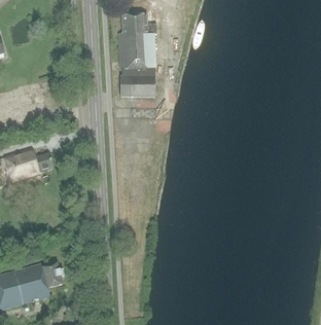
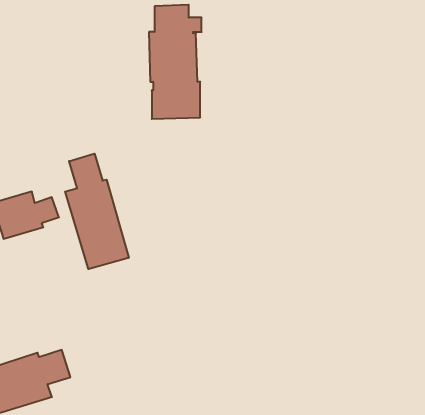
building: none -> [65,154,129,269]

